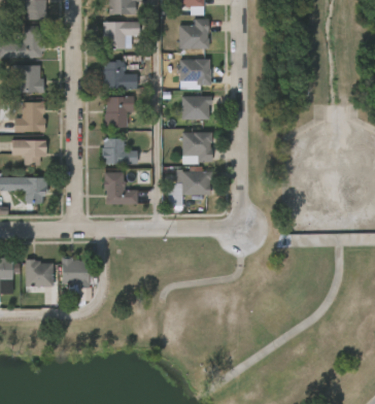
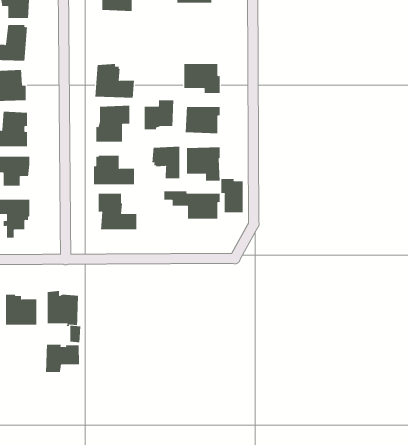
building: [179,19,209,49] -> none
building: [104,22,142,49] -> none
building: none -> [144,99,174,130]
building: none -> [152,146,180,179]
building: none -> [221,178,243,213]
building: none -> [45,344,80,373]

